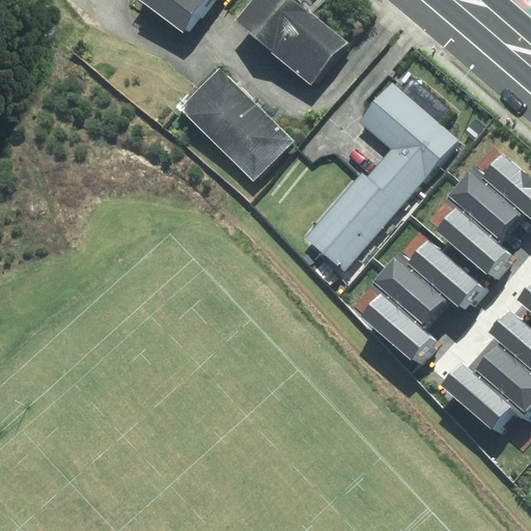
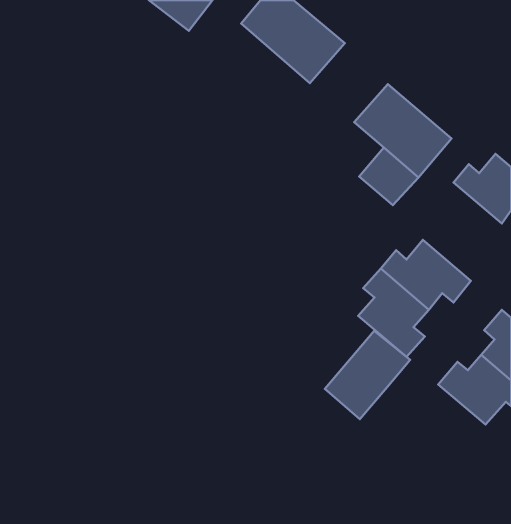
building: [189,72,295,179] -> none
building: [305,175,397,272] -> none
building: [437,185,507,274] -> none
building: none -> [325,331,410,419]

